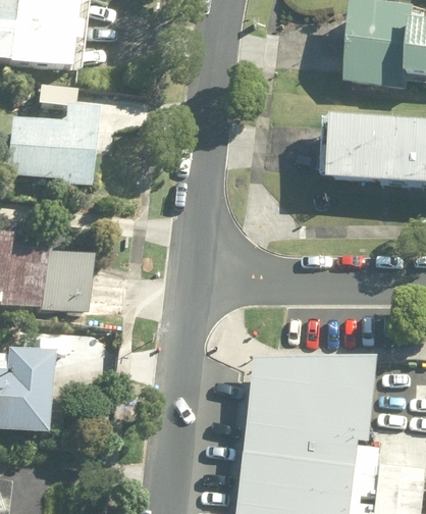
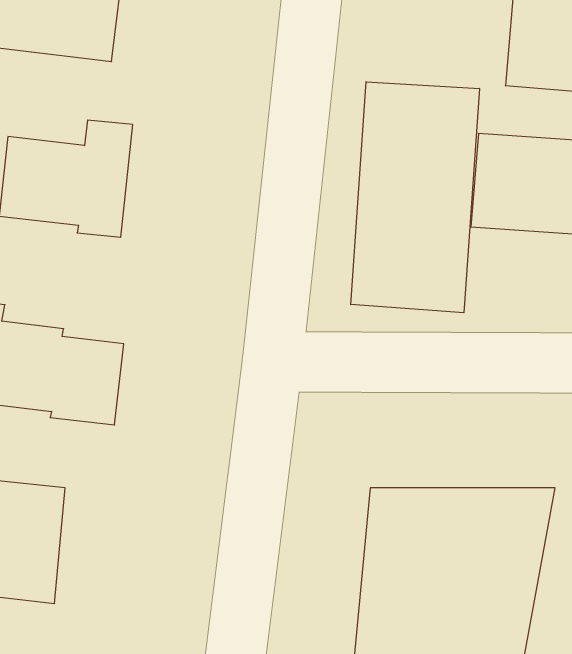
building: none -> [351,82,479,313]

